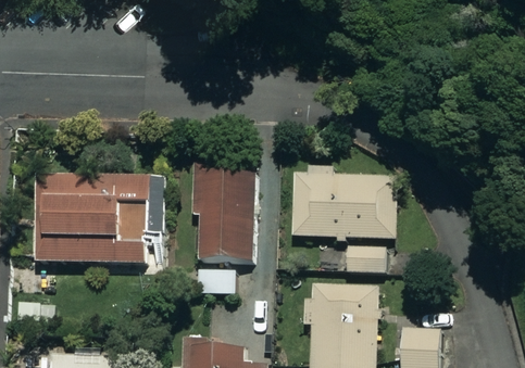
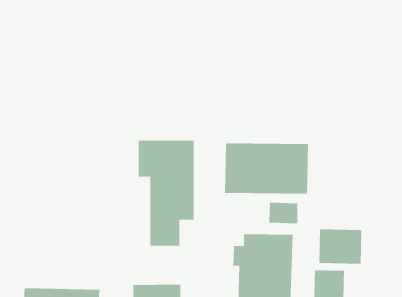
building: [37,175,157,263] -> none
building: none -> [319,229,362,264]

